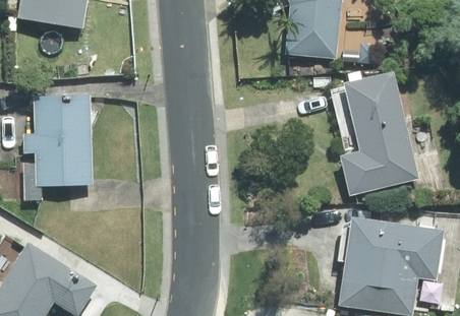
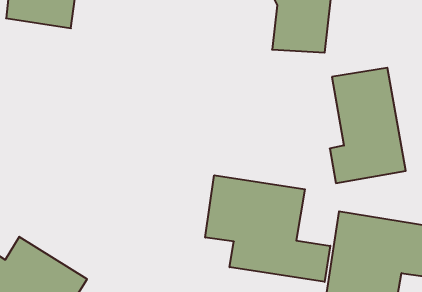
building: [21,94,92,201] -> none
building: none -> [205,175,330,282]

